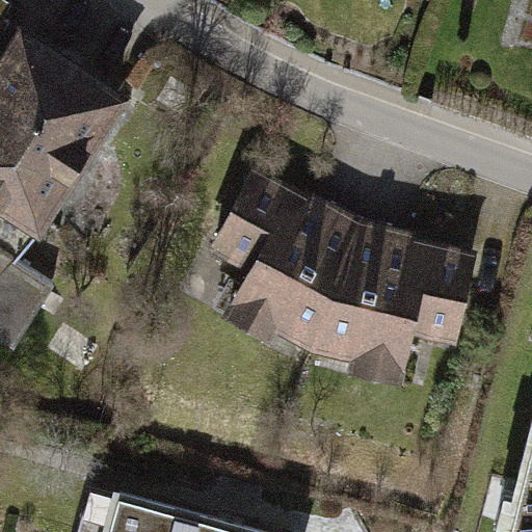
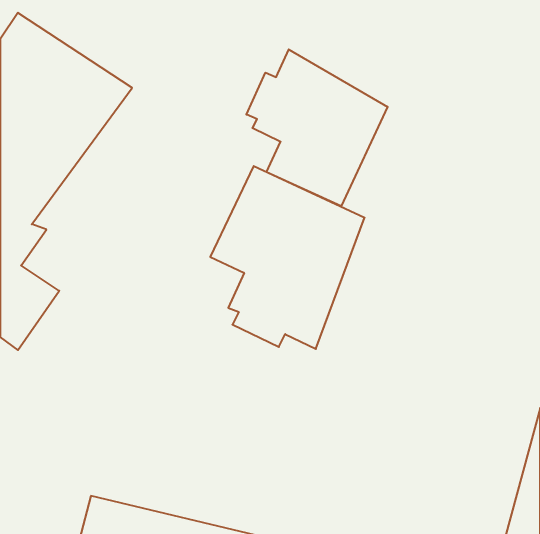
building: none -> [246,49,388,206]
building: [311,220,478,399] -> none

